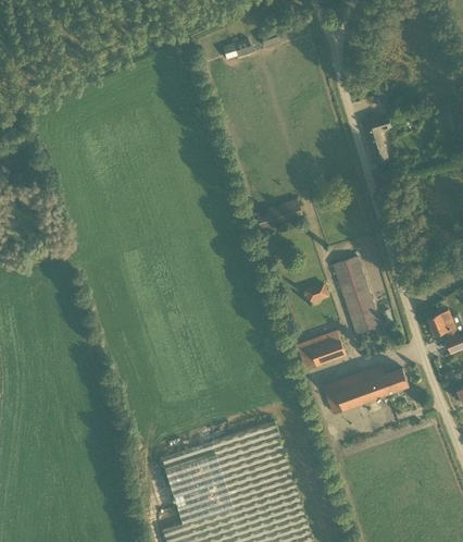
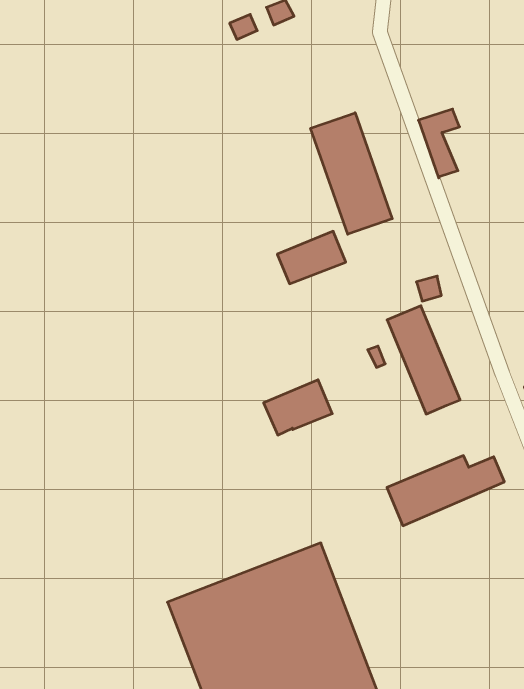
building: none -> [311,113,392,234]
building: [298,332,347,370] -> [264,380,332,435]

